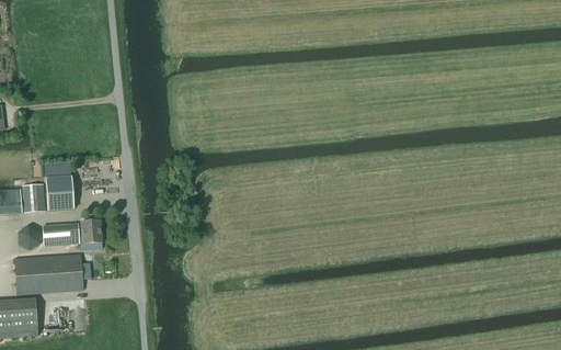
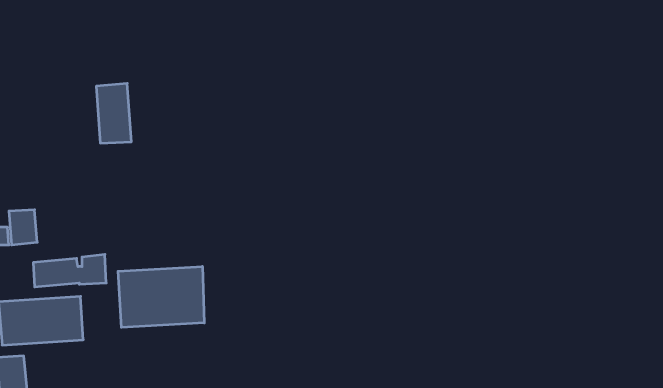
building: [45,161,73,210] -> [96,83,131,143]
building: none -> [118,266,204,327]

